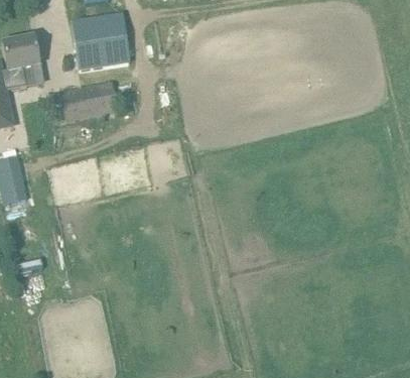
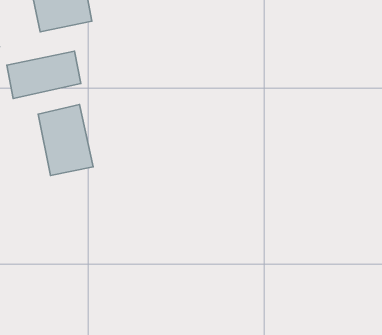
building: none -> [38,104,93,176]

